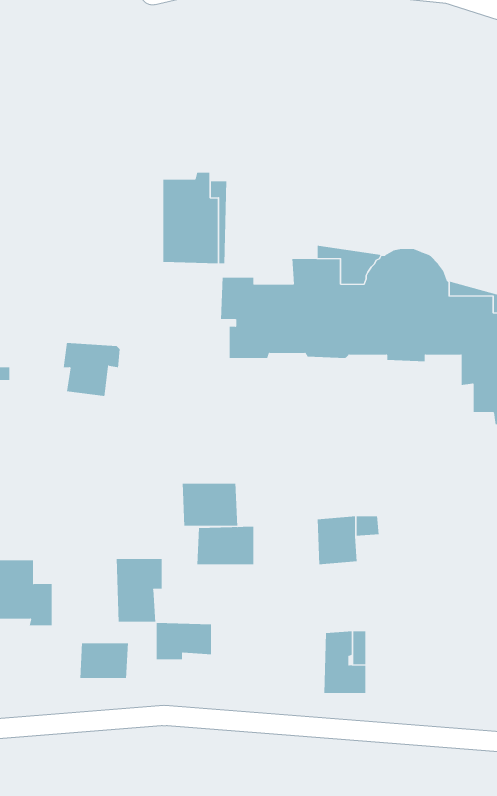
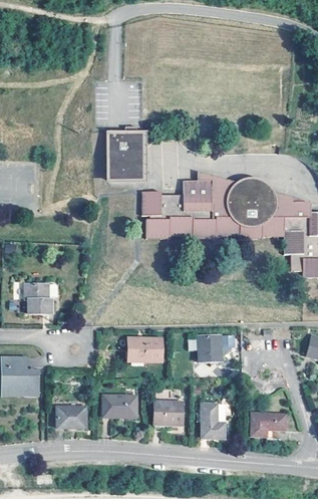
building: [63,342,121,397] -> [25,287,59,319]
building: [182,483,238,527] -> none
building: [116,558,162,623] -> none
building: none -> [153,401,181,423]
building: none -> [250,411,288,436]

